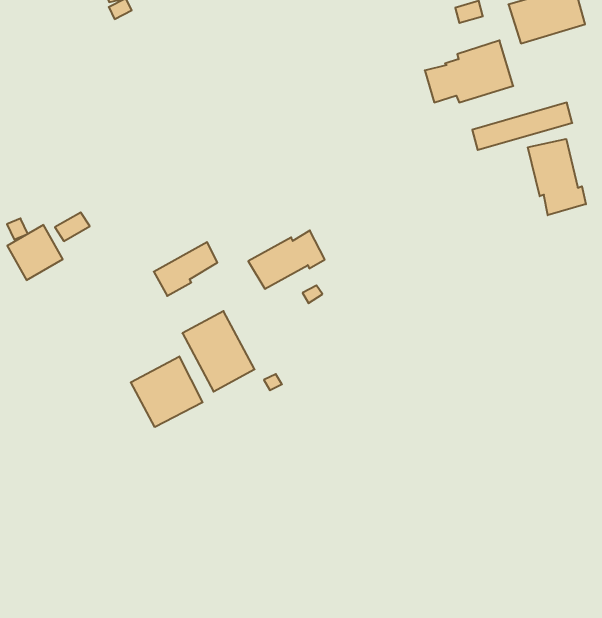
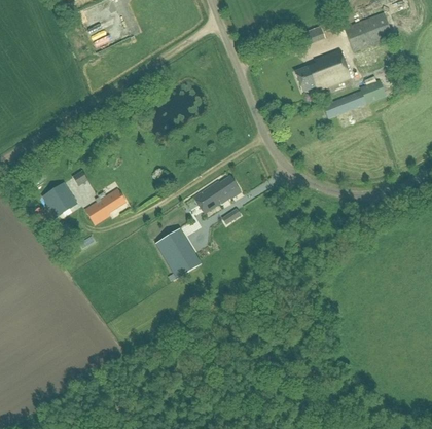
building: [528,139,586,215] -> none
building: [154,242,217,296] -> [85,188,124,223]
building: [131,356,203,427] -> none

